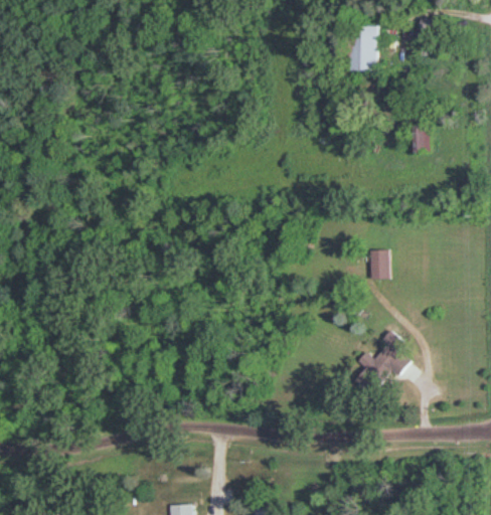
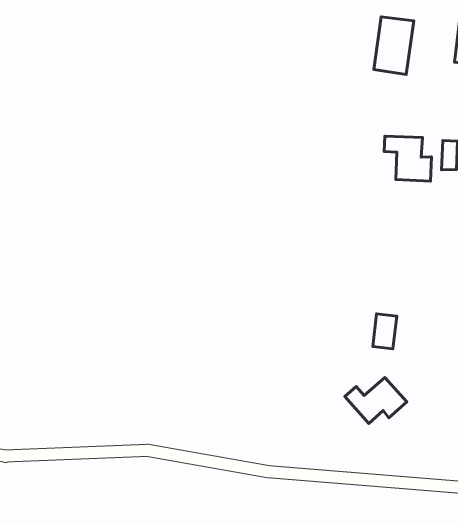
building: none -> [384,136,431,181]
building: [370,250,388,280] -> [373,314,397,349]

